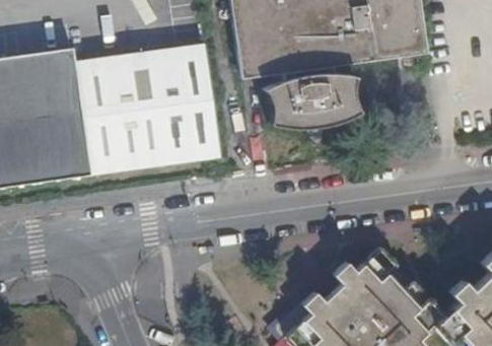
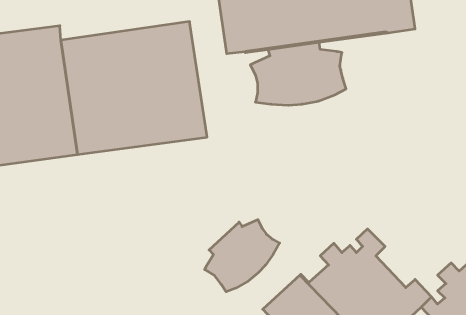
building: none -> [205,220,280,292]

